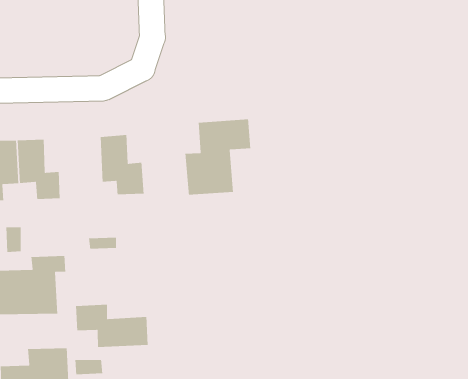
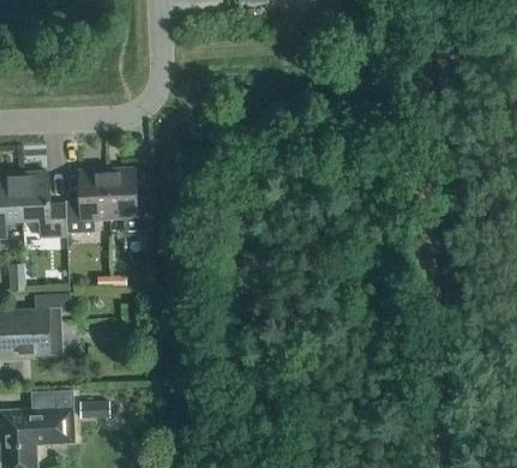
building: [185,118,251,196] -> none
building: none -> [65,170,108,234]
building: [75,304,149,348] -> none

